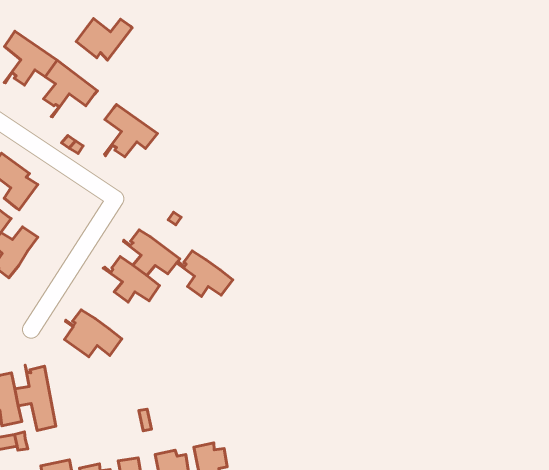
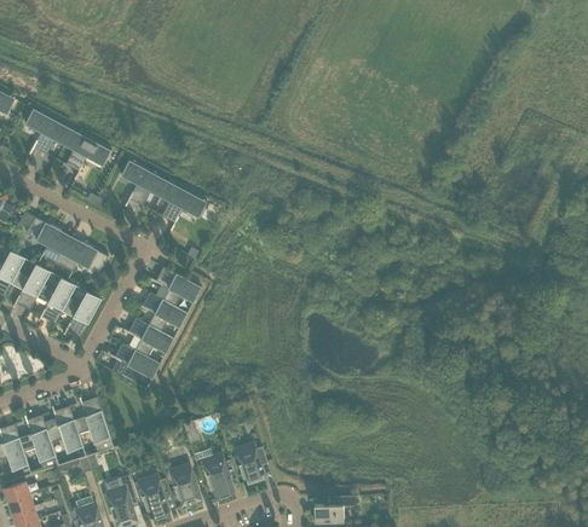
building: [76,18,132,60] -> none
building: none -> [158,181,206,231]
building: none -> [56,239,108,273]
building: none -> [62,291,100,337]
building: [177,251,233,297] -> [122,318,173,357]

